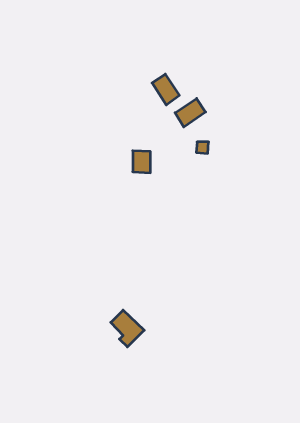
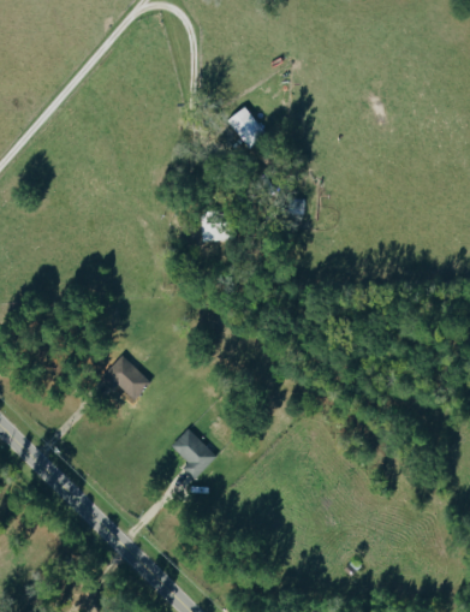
building: [175,98,206,127] -> none
building: none -> [96,357,150,399]

